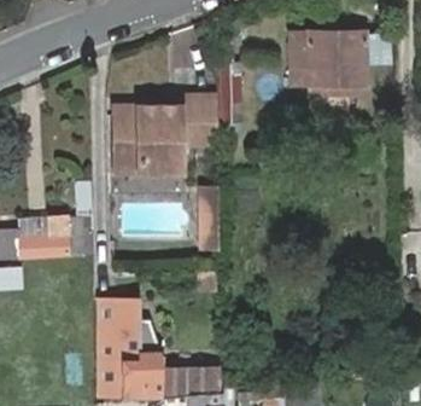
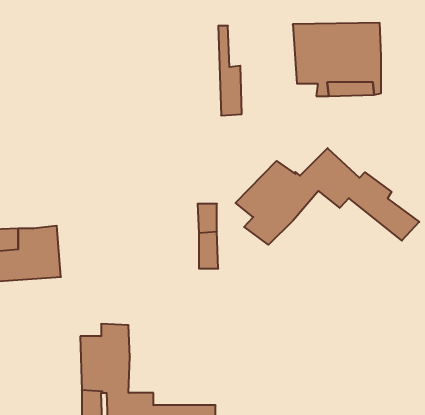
building: [111,103,218,178] -> none
building: none -> [236,148,419,245]

